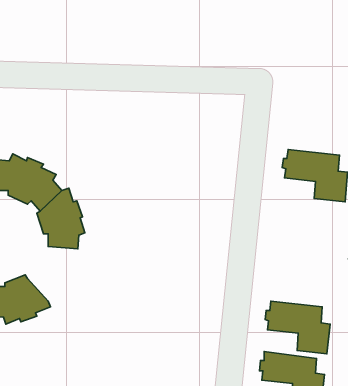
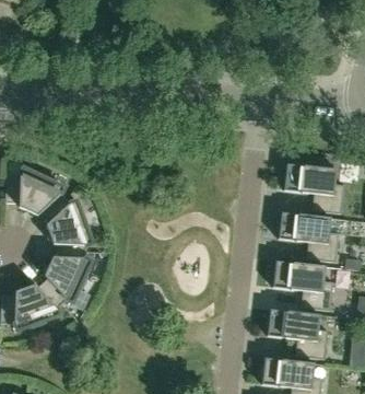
building: none -> [278,210,340,260]
building: none -> [38,255,93,308]
building: none -> [271,259,333,310]

